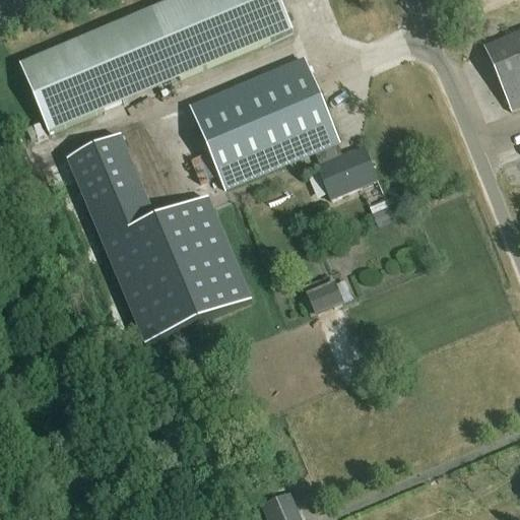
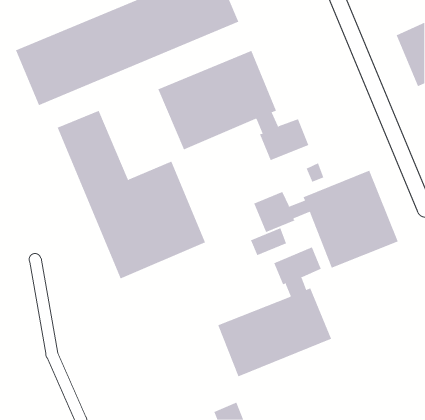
building: none -> [253,170,399,268]
building: none -> [218,247,332,377]

